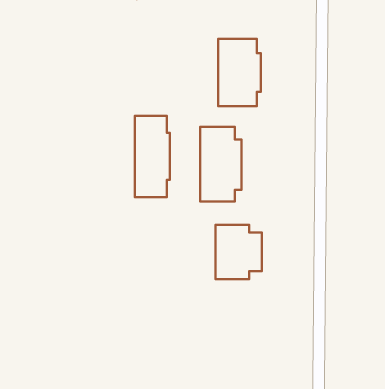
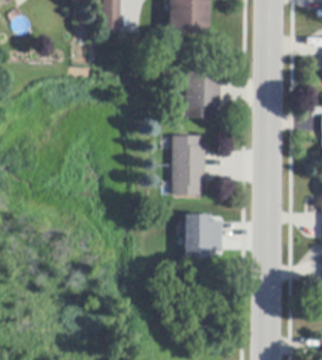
building: [135,116,170,197] -> none

